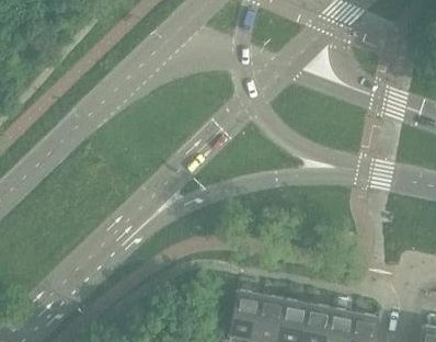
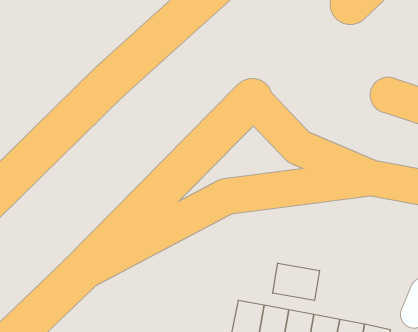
building: none -> [273,263,319,300]

